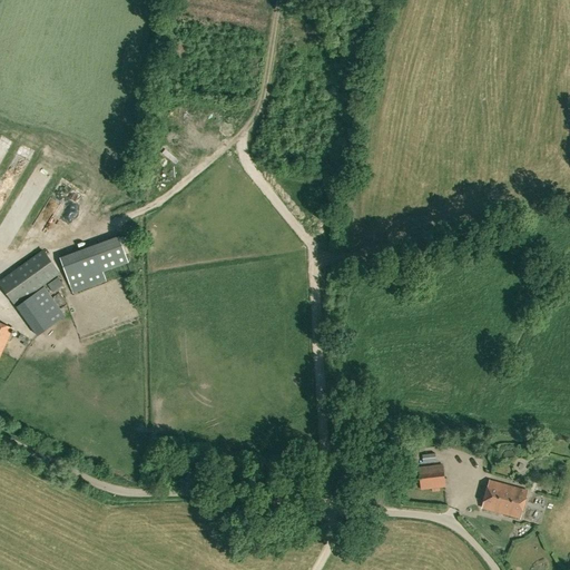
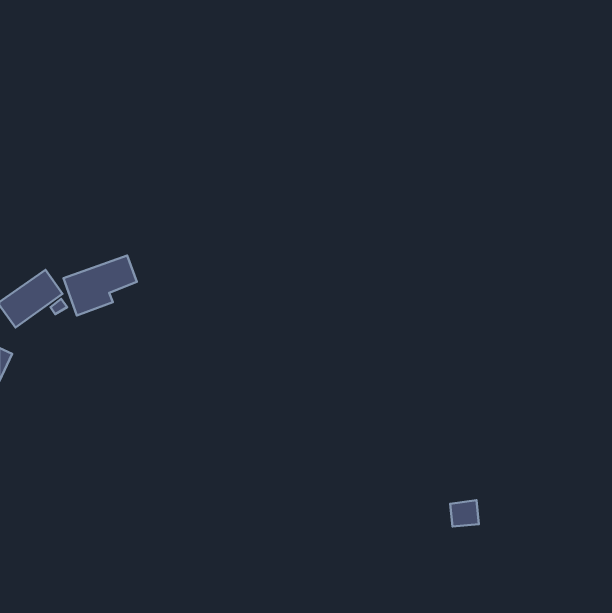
building: [16,287,63,336] -> none
building: [481,480,527,518] -> none

